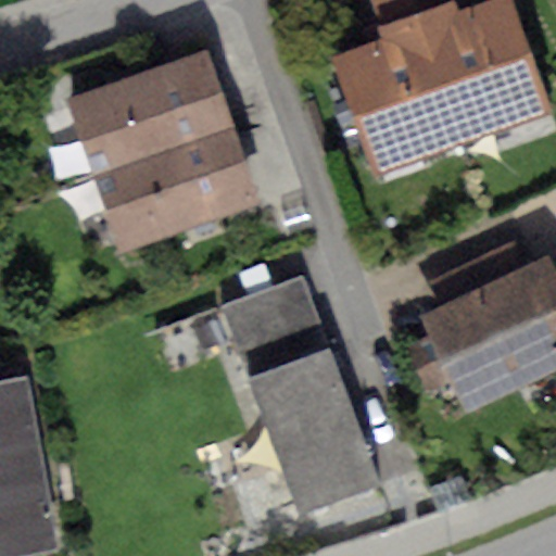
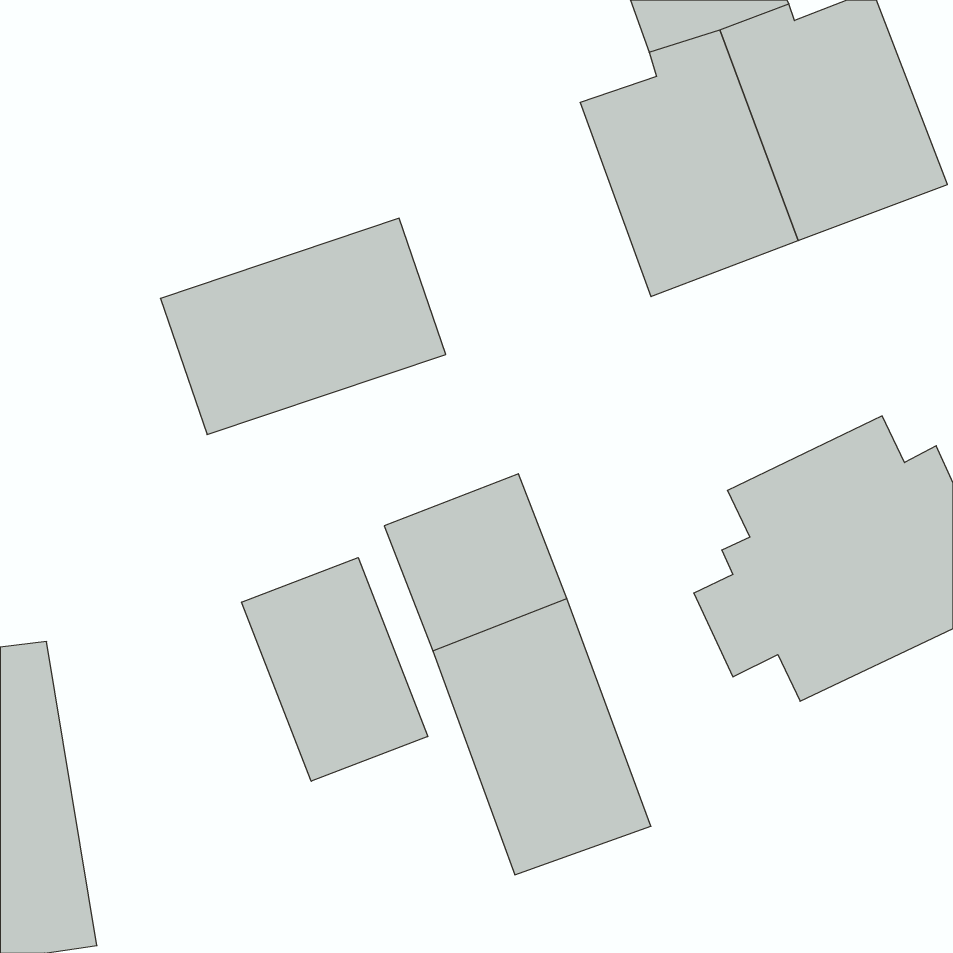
building: [67,50,232,174] -> none
building: none -> [242,558,428,781]

